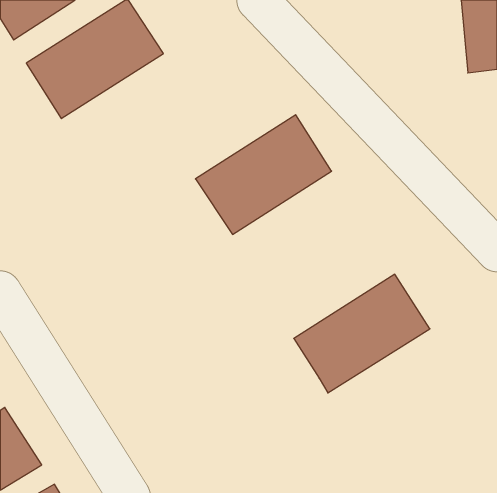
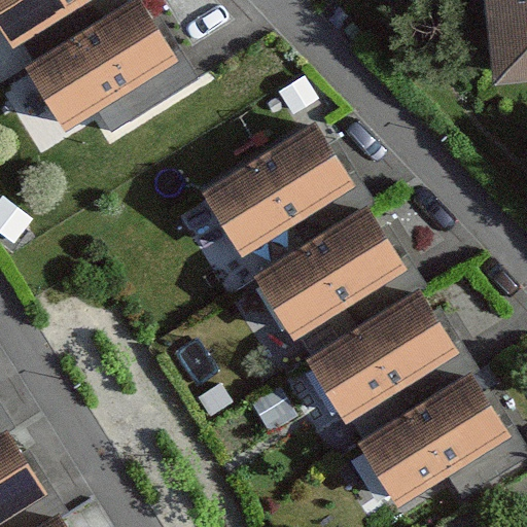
building: none -> [259,211,402,337]
building: none -> [360,377,505,502]

